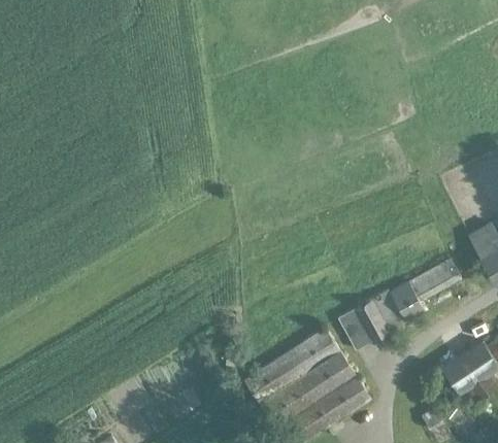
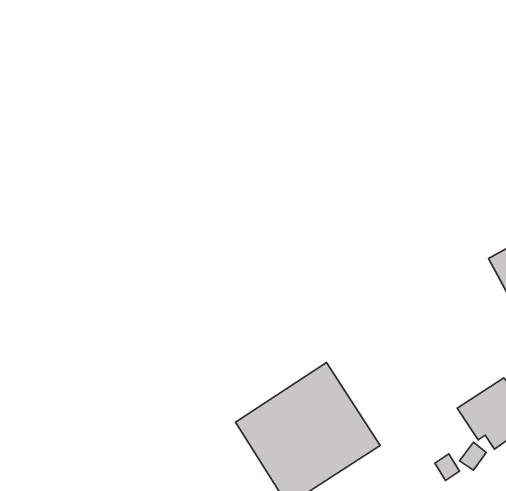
building: [337,257,461,349] -> none

